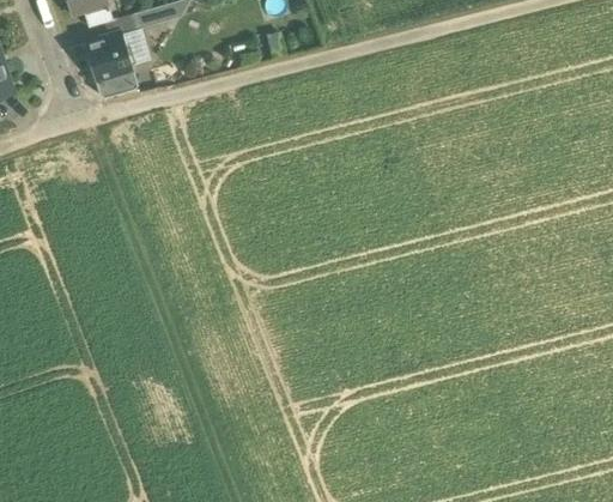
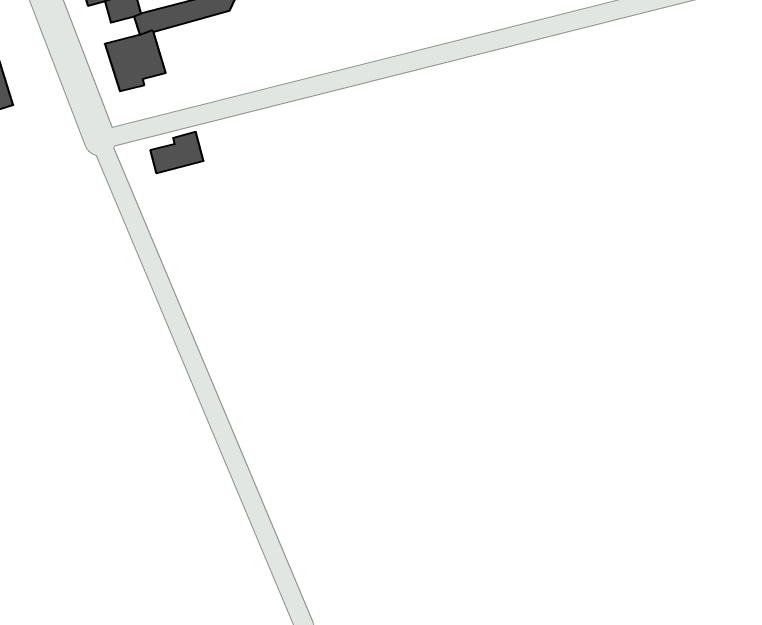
building: [96,65,138,97] -> [150,132,204,173]

